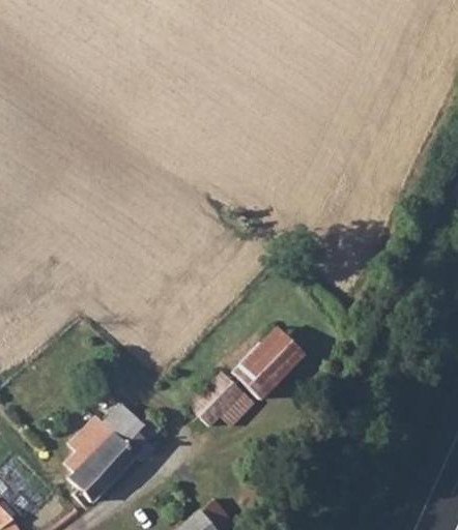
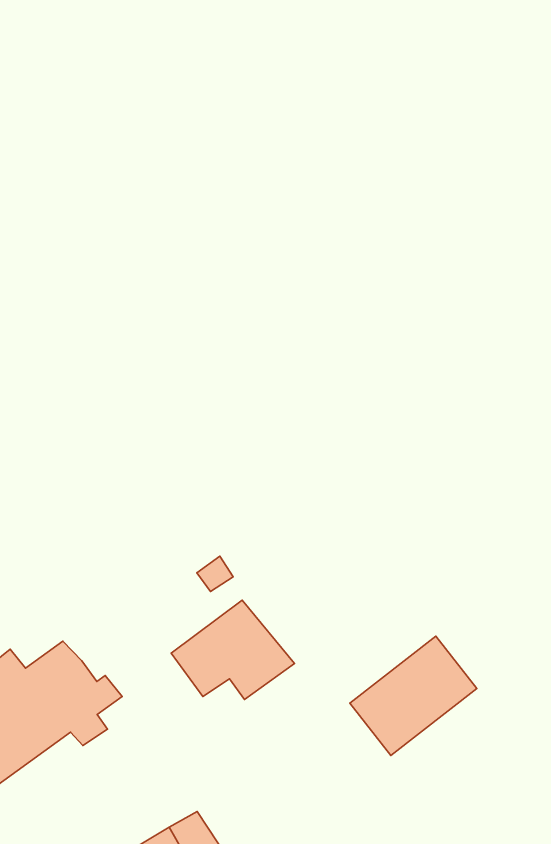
building: [232,326,303,398] -> [350,636,477,756]

